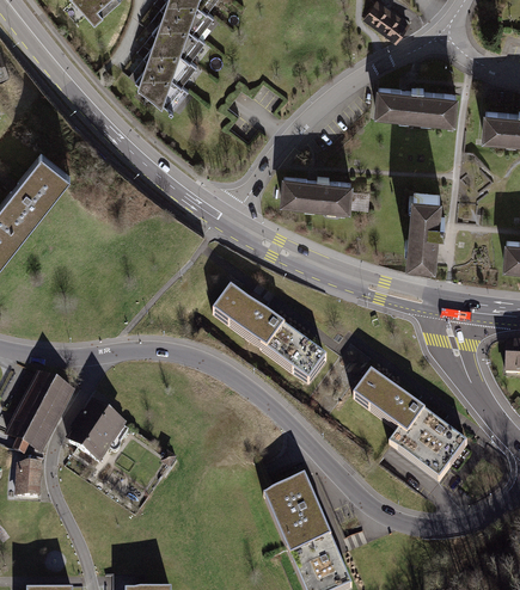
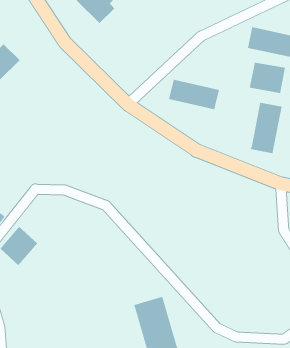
building: none -> [249,62,286,94]
building: [214,288,329,385] -> none
building: [357,377,466,481] -> none

